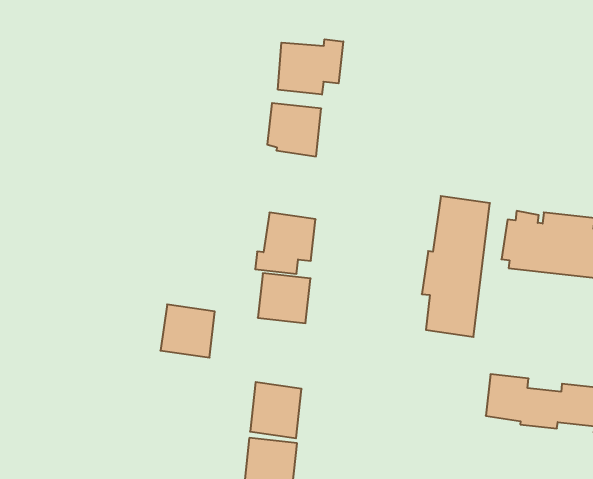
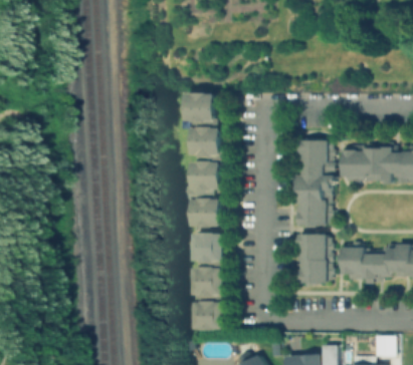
building: [278,39,343,95] -> none
building: none -> [191,127,221,158]
building: [160,304,215,358] -> [192,235,223,265]
building: none -> [296,234,326,283]

